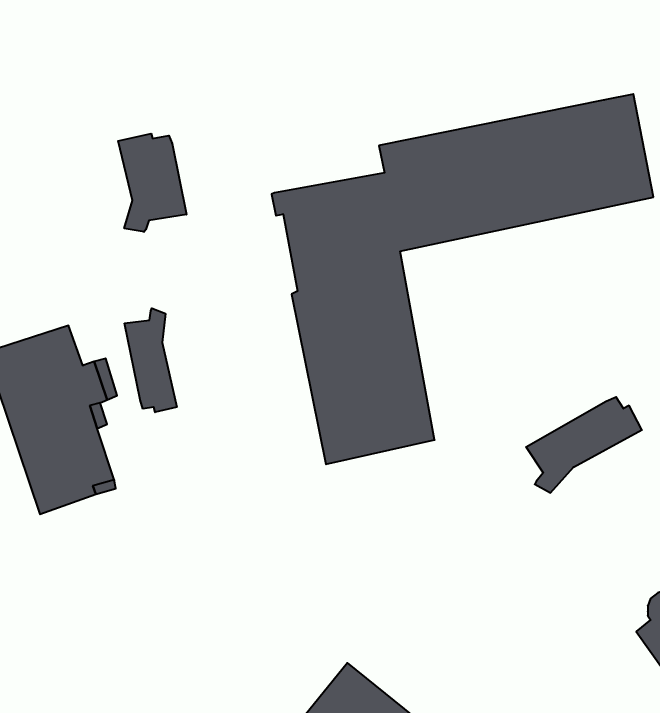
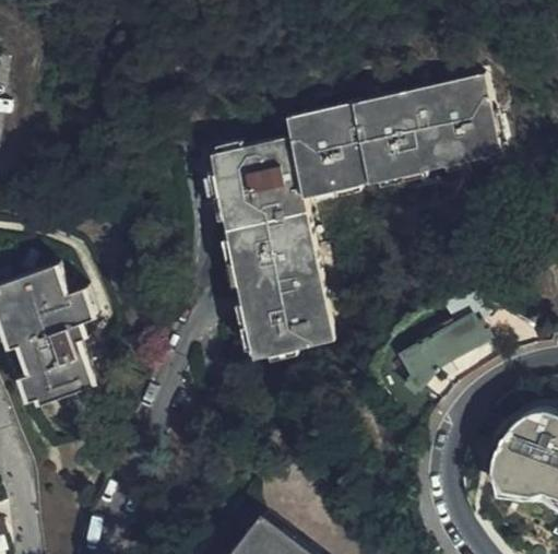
building: [118,134,186,232] -> none
building: [125,308,177,412] -> none

